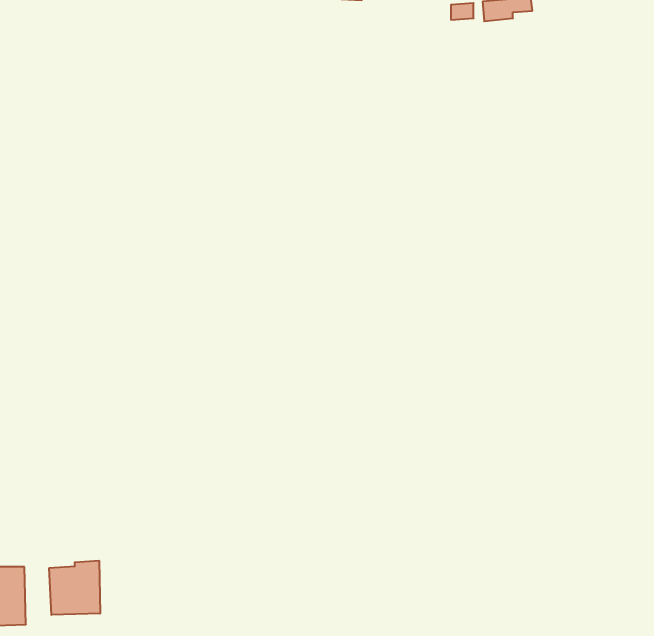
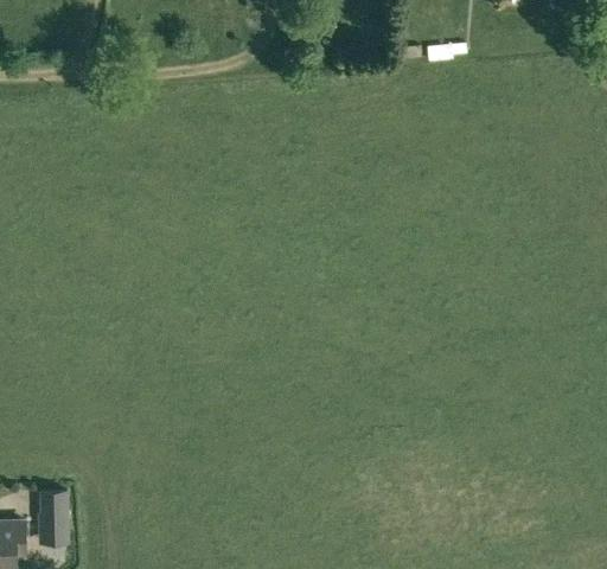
building: [49,561,100,615] -> none

